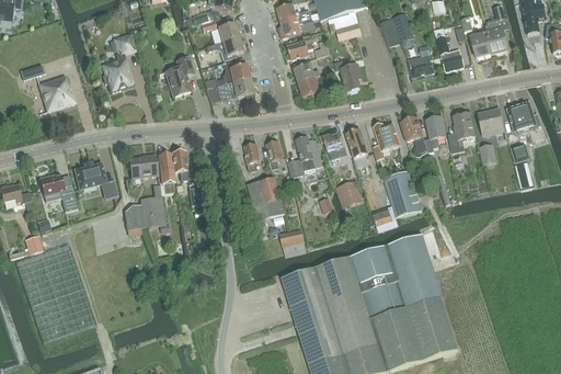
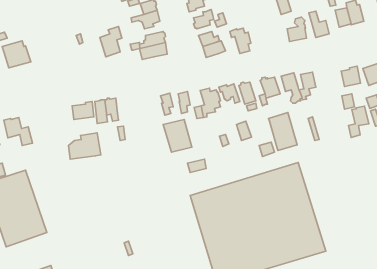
building: [102,35,134,92] -> none
building: [448,113,474,154] -> [348,106,369,137]
building: [73,162,117,199] -> none

